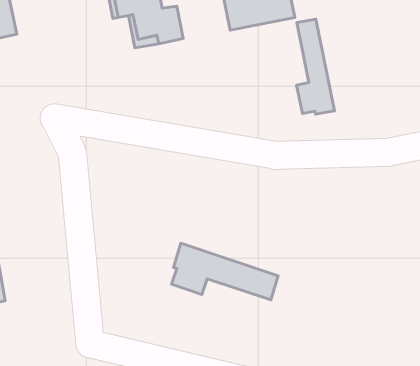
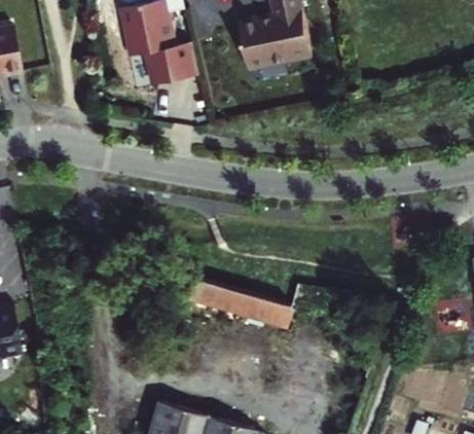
building: [296,19,334,114] -> none

